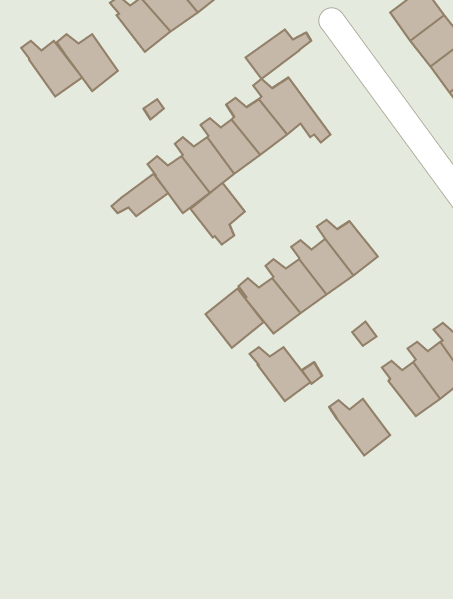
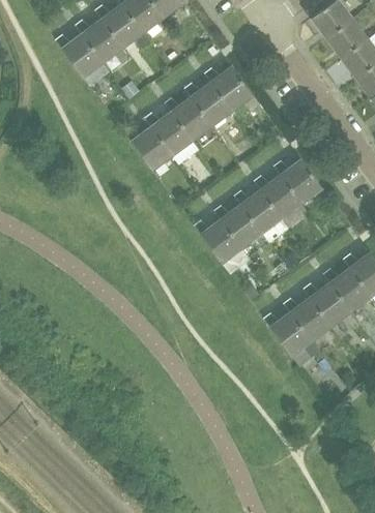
building: [246,29,311,79] -> none
building: [21,41,82,97] -> [78,20,124,62]
building: [112,174,168,216] -> none
building: [191,183,245,245] -> none
building: none -> [277,160,330,206]
building: [206,289,264,348] -> none
building: [249,347,310,401] -> [285,299,331,340]

